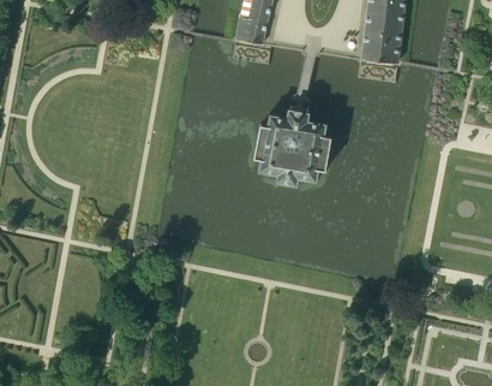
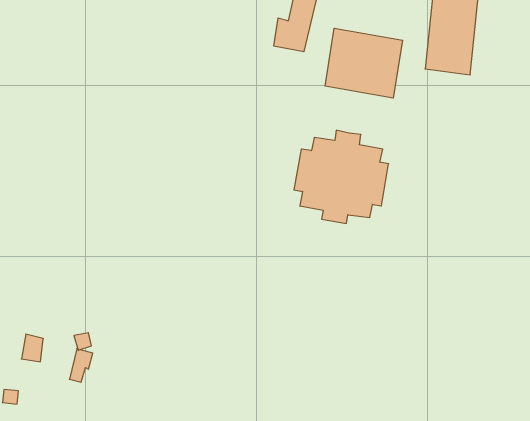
building: none -> [325,28,403,98]

